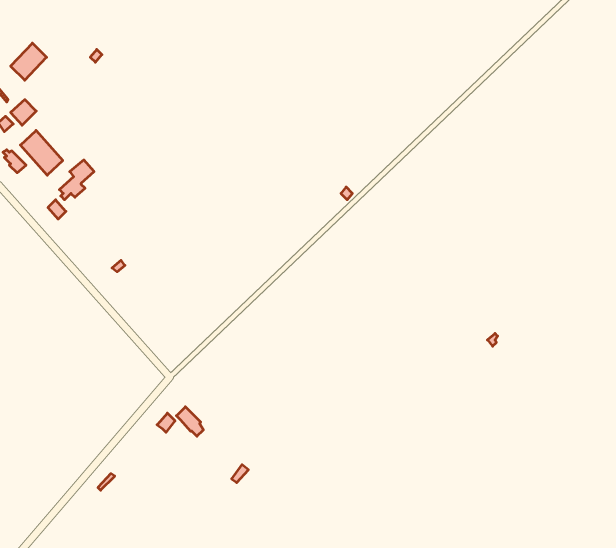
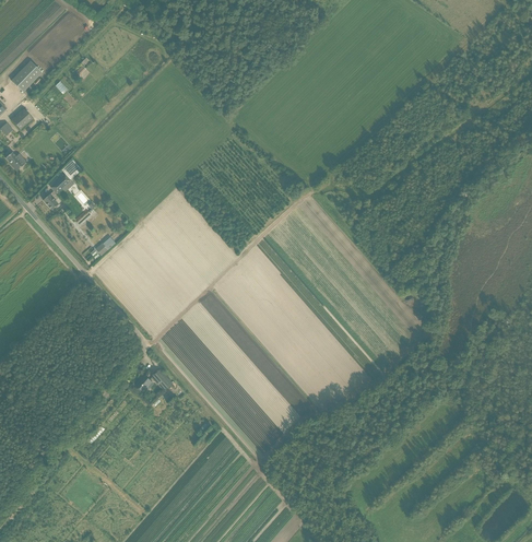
building: [20,130,63,175] -> none

